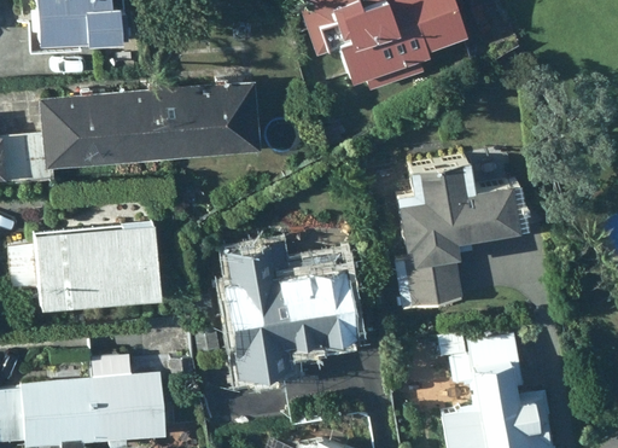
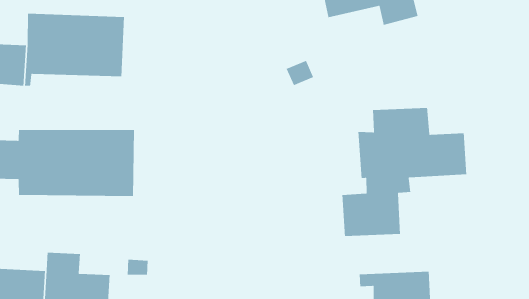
building: [139,85,256,161] -> none
building: [231,243,366,377] -> none

